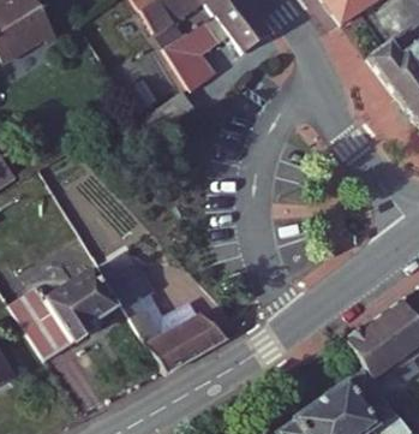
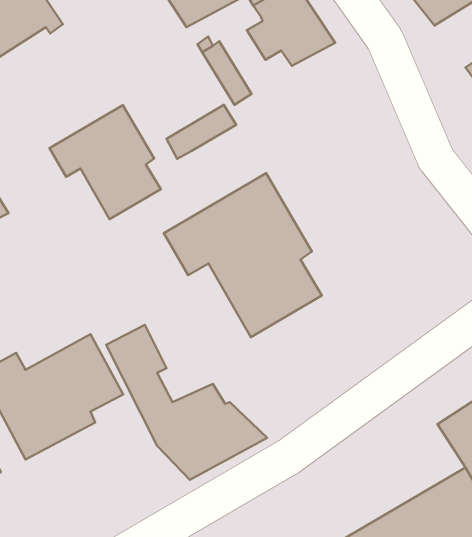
building: none -> [49,105,161,219]
building: none -> [164,173,322,337]

